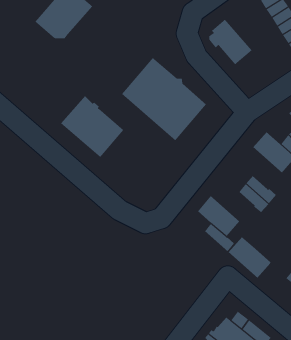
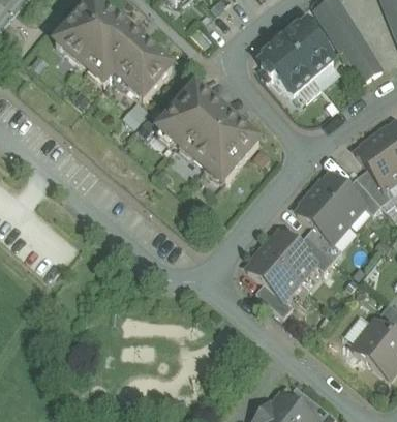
building: none -> [280,24,333,78]
building: [60,95,124,158] -> [95,26,171,100]
building: none -> [296,192,347,242]
building: [228,236,272,278] -> [263,231,314,280]

